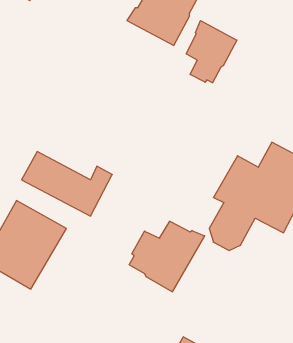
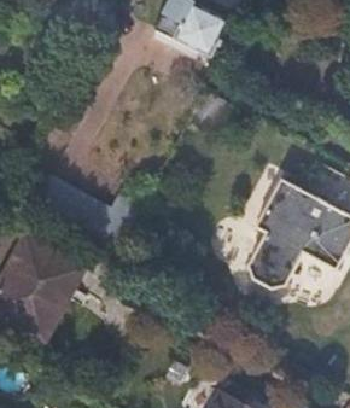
building: [186,21,237,83] -> none
building: [129,221,205,292] -> none

